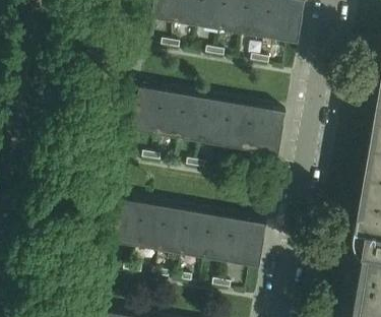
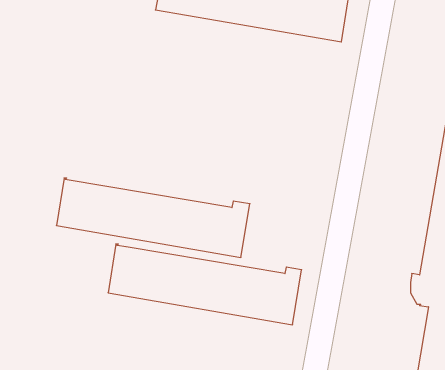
building: [131,89,284,152] -> [56,178,250,257]

